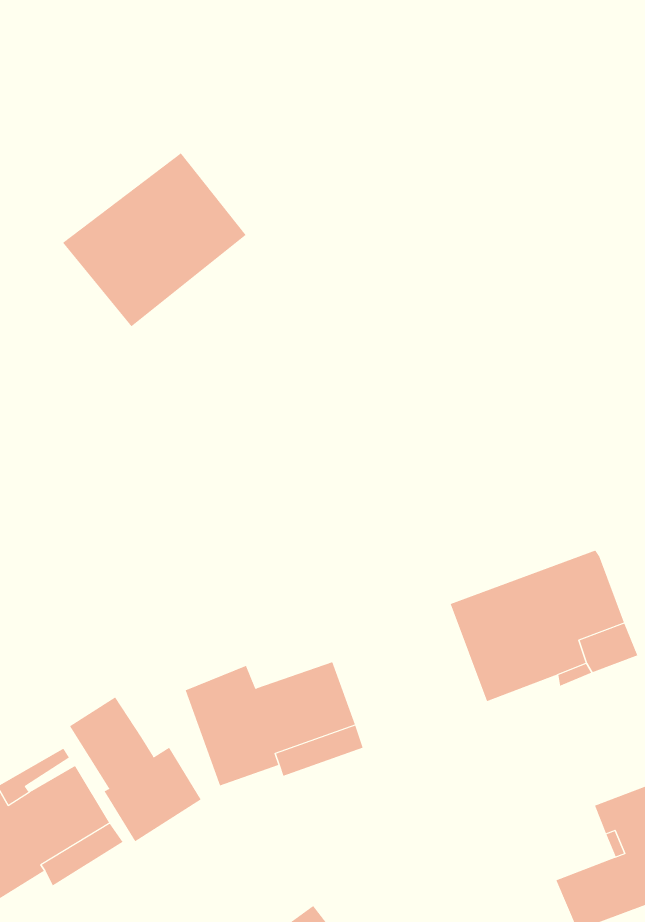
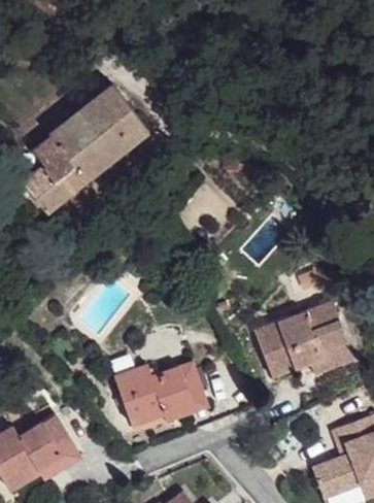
building: none -> [20,135,86,215]
building: [69,696,201,842] -> none

